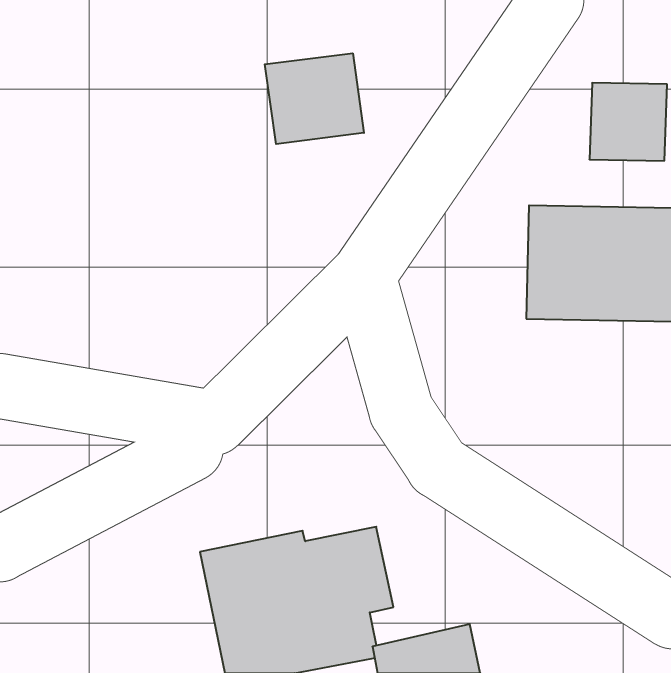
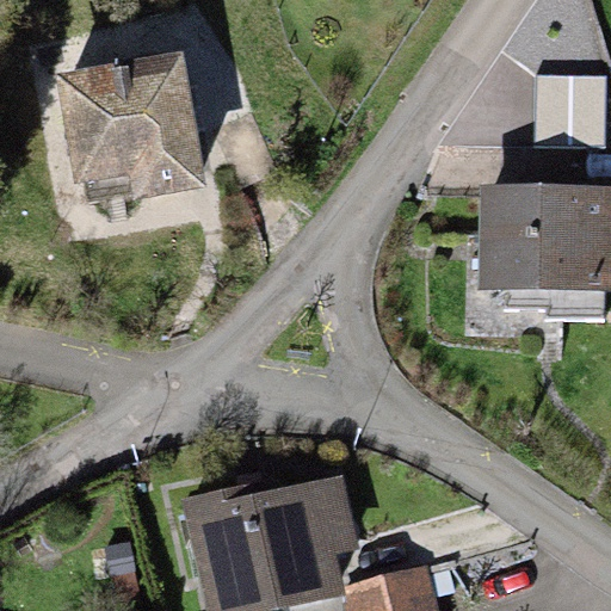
building: [265,53,364,144] -> none
building: none -> [57,55,204,199]

